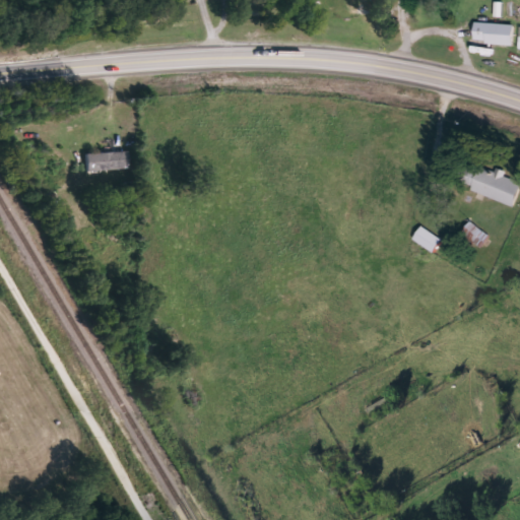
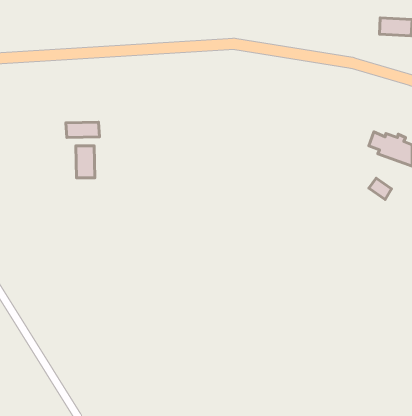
building: none -> [76,146,95,178]
building: [413,226,442,254] -> none

